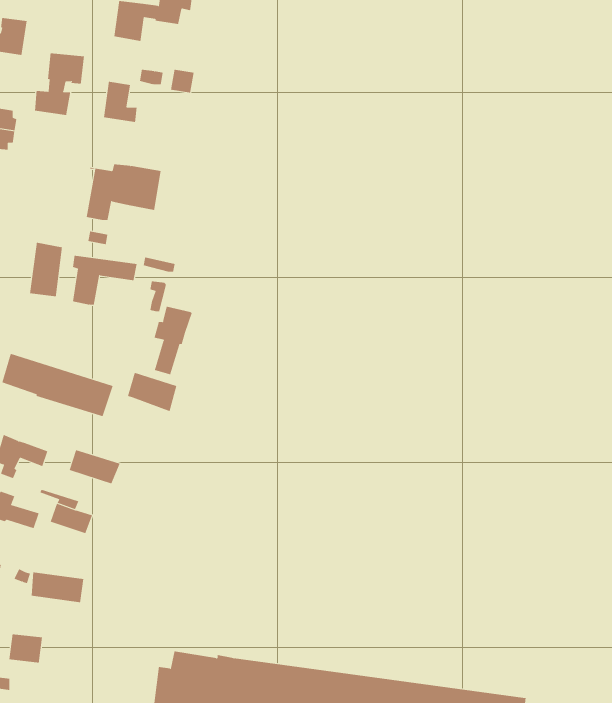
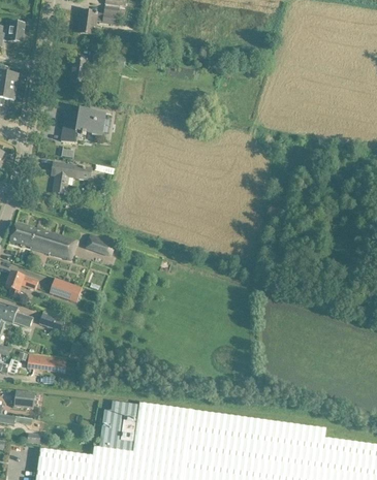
building: [34,53,85,116] -> none
building: [30,242,63,297] -> none
building: [154,306,192,375] -> none

